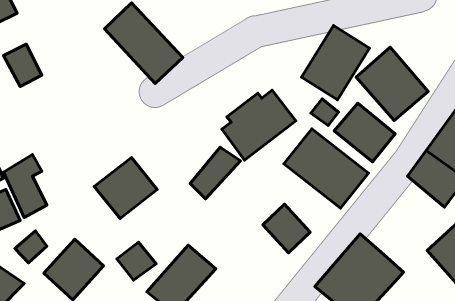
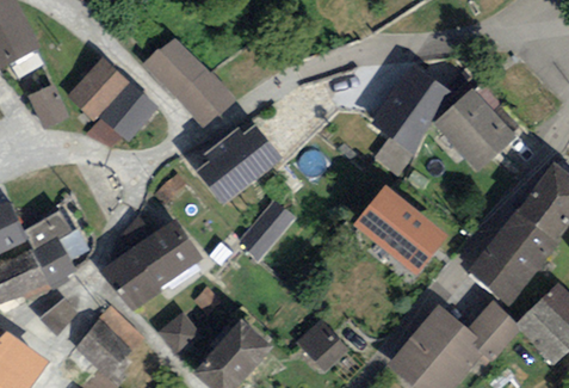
building: none -> [68,60,155,137]
building: [222,90,296,160] -> [199,121,285,202]
building: [334,103,395,162] -> [466,236,537,304]
building: none -> [103,248,161,309]
building: [263,204,310,253] -> [296,320,351,376]
building: none -> [466,301,520,361]

